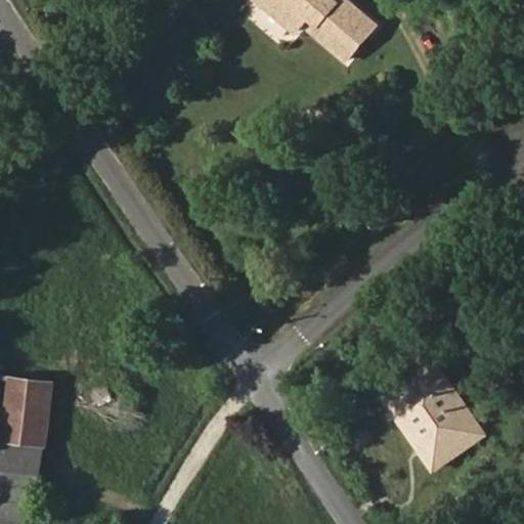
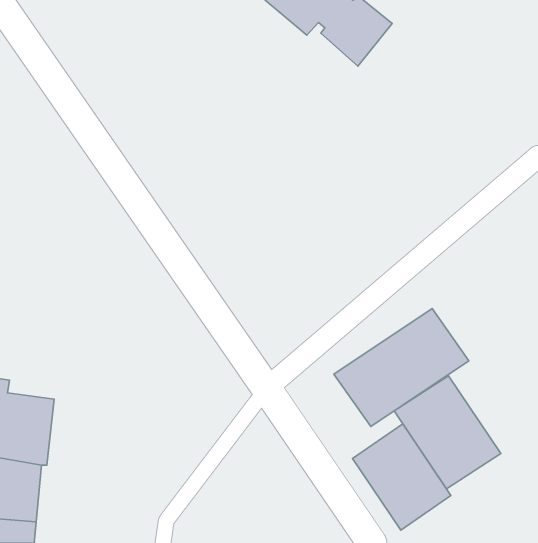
building: none -> [334,308,469,427]
building: none -> [353,424,451,530]

